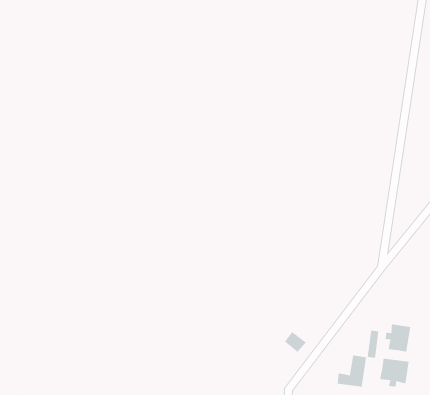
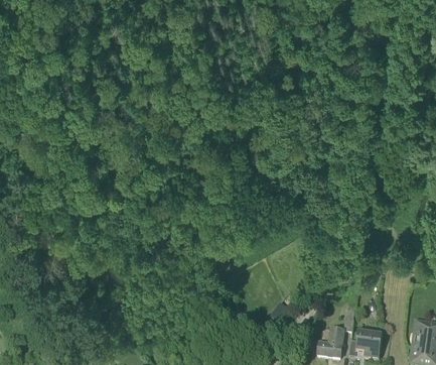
building: [385,323,411,352] -> none

